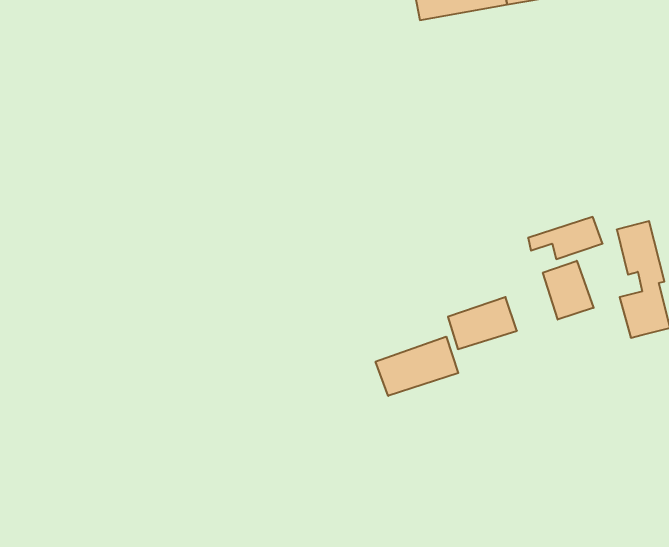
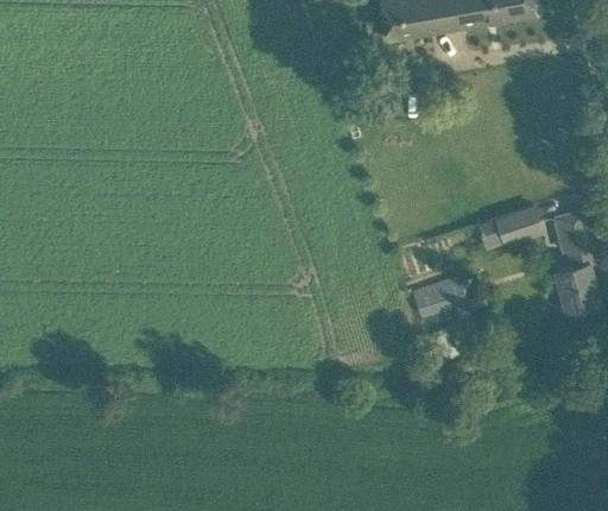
building: [543,261,594,320] -> none
building: [376,337,458,396] -> none

